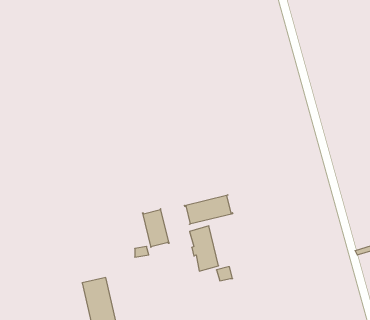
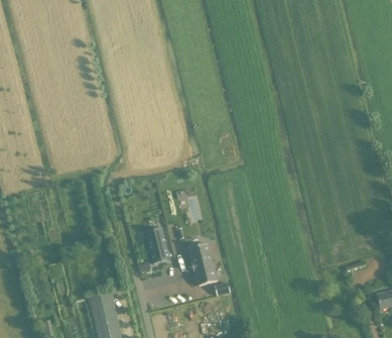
building: [184,195,233,224] -> none

